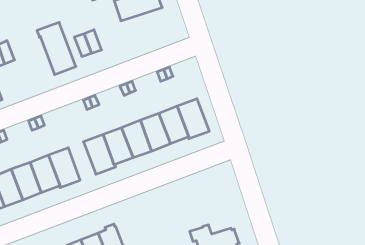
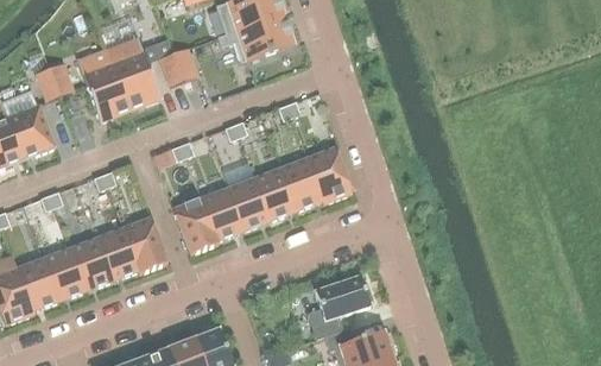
building: none -> [216,15,293,62]
building: none -> [78,57,129,122]
building: none -> [306,277,372,339]

